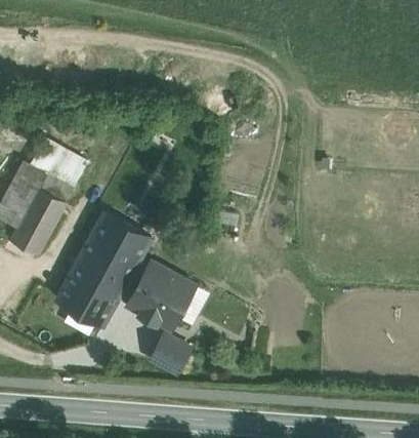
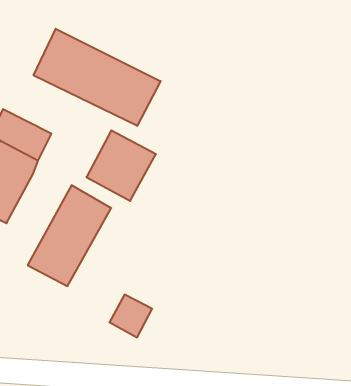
building: none -> [34,29,161,126]
building: [125,260,200,335] -> [86,130,156,201]

